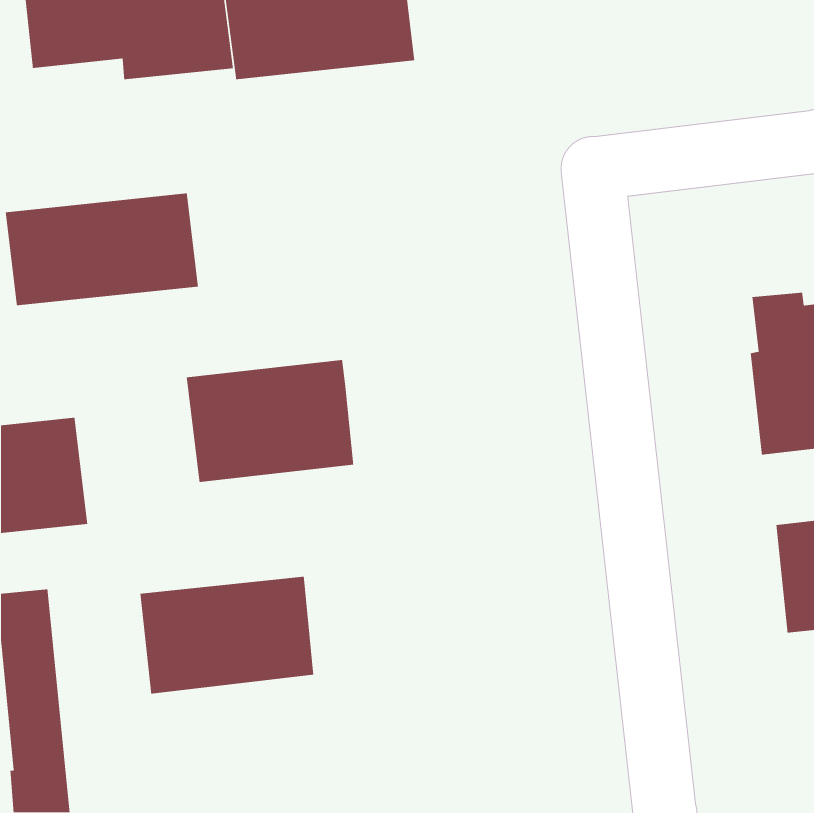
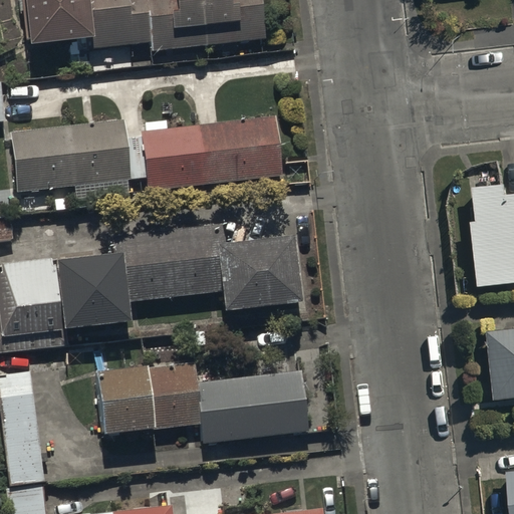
building: none -> [141,118,280,191]
building: none -> [220,235,300,308]
building: none -> [50,254,128,328]
building: none -> [197,371,304,442]

